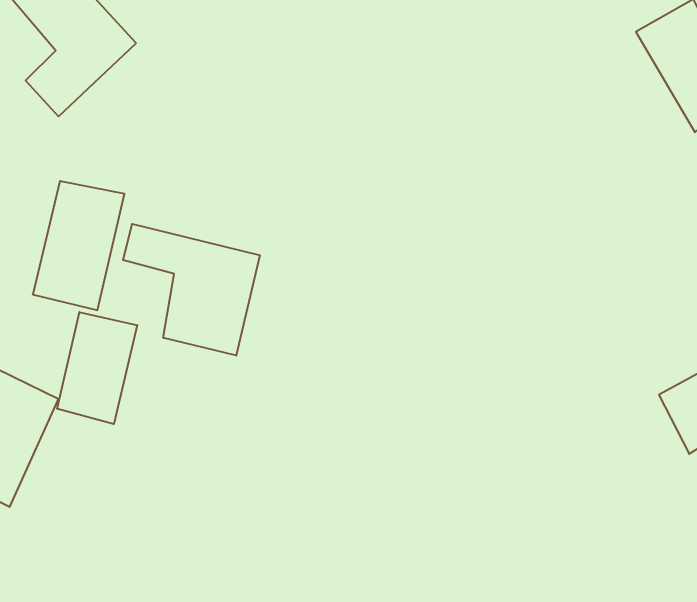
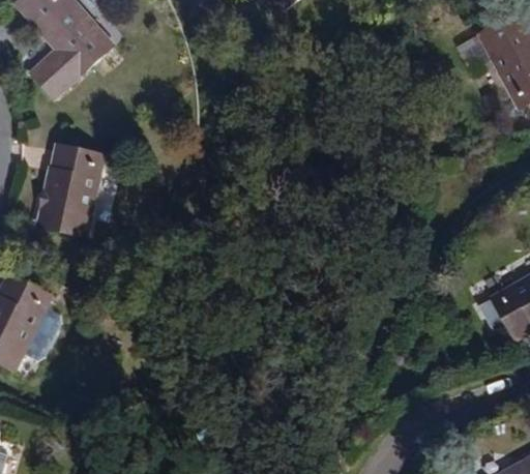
building: [123,224,260,356] -> none
building: [57,312,137,424] -> none

